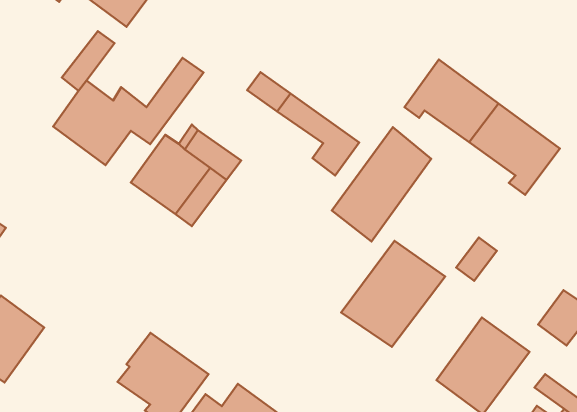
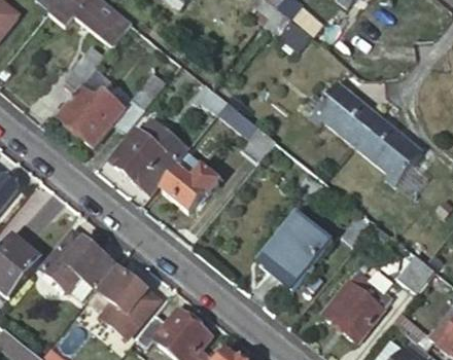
building: [332,127,431,242] -> none
building: none -> [163,156,219,211]
building: none -> [44,232,113,296]

